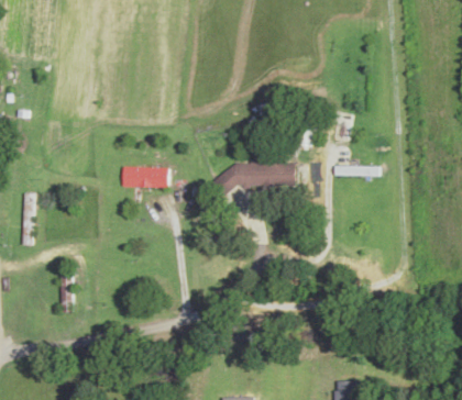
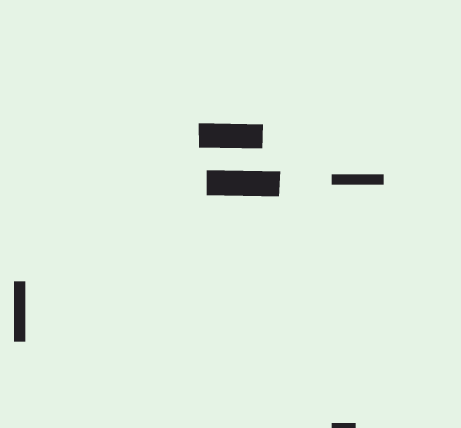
building: none -> [198,123,263,149]
building: [122,167,167,187] -> none

